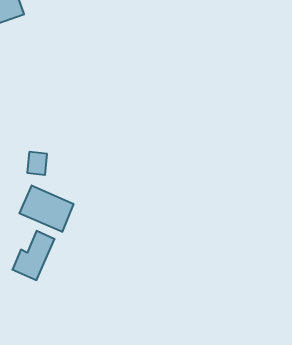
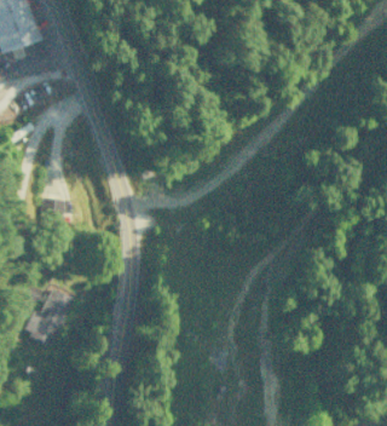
building: [19,185,73,232] -> none

